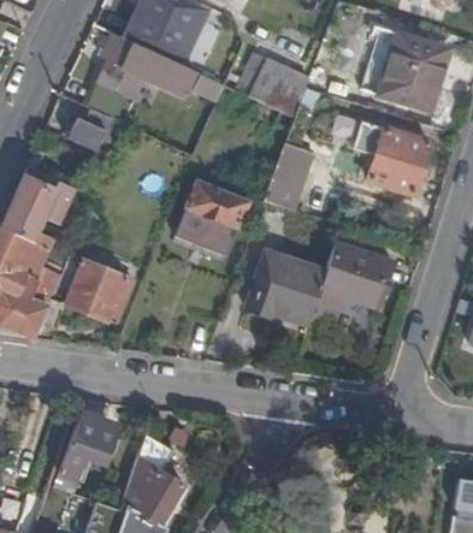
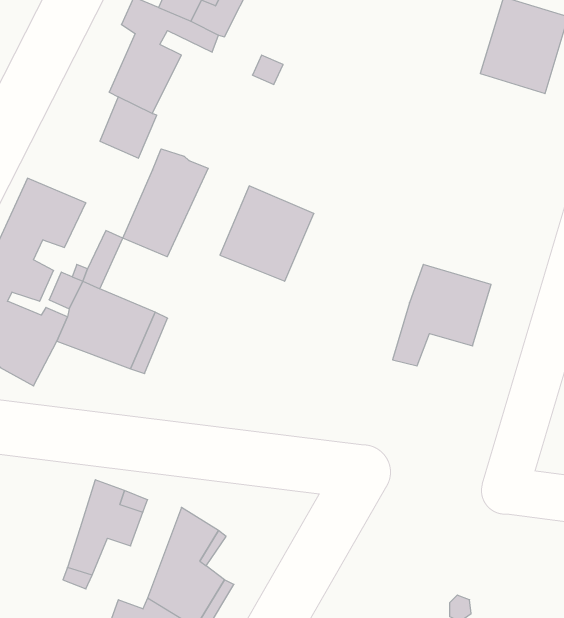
building: [236,53,311,117] -> none
building: [353,118,432,193] -> none
building: [265,140,313,206] -> none
building: none -> [123,149,208,257]
building: [247,253,324,322] -> none

